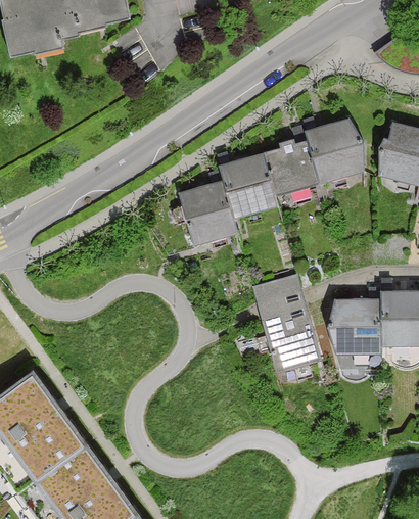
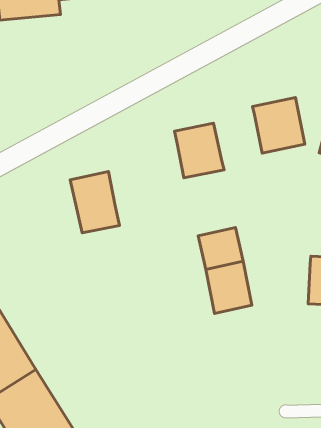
building: [261,141,317,195] -> none
building: [180,179,238,249] -> [70,171,119,233]
building: [334,301,380,352] -> none

